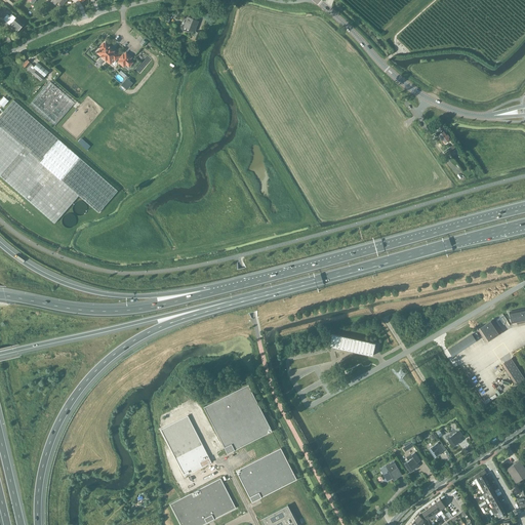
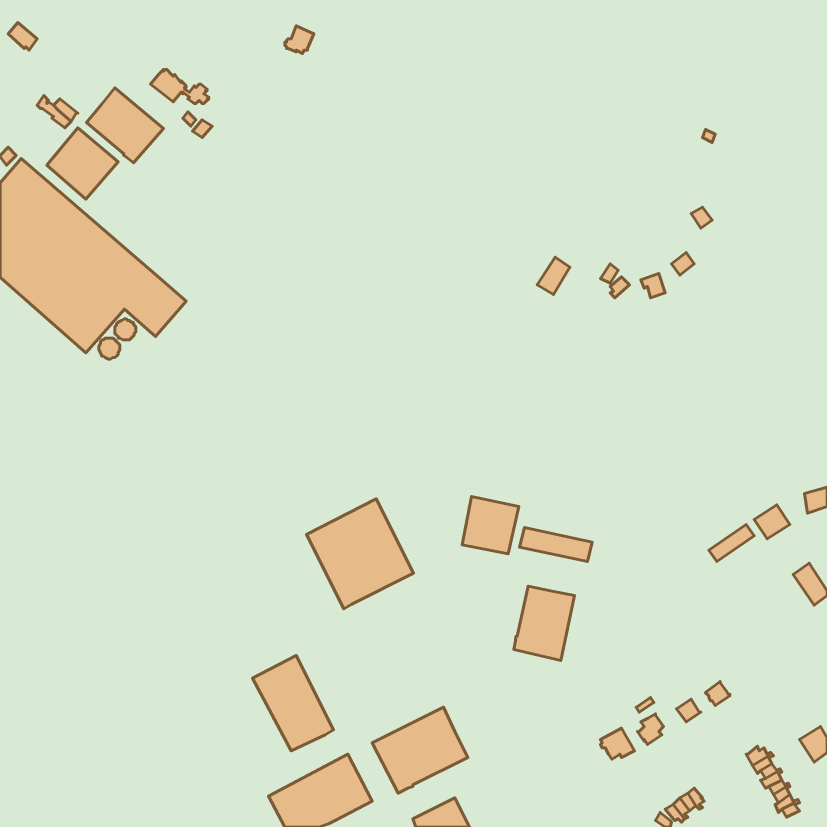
building: none -> [86,88,163,163]
building: none -> [462,496,519,554]
building: none -> [514,586,575,660]
building: [204,385,272,454] -> [307,499,413,609]

